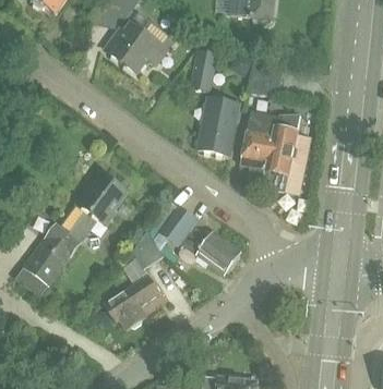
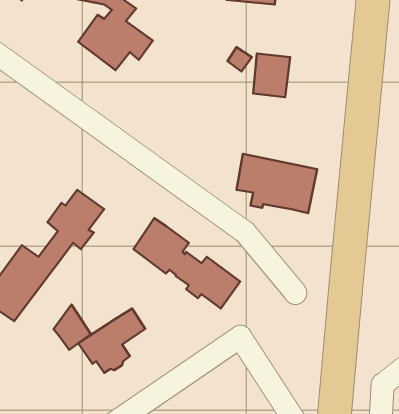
building: [189,48,217,92] -> none
building: [198,97,238,155] -> none
building: [242,111,310,157] -> none
building: [131,230,163,268] -> [54,305,91,350]

